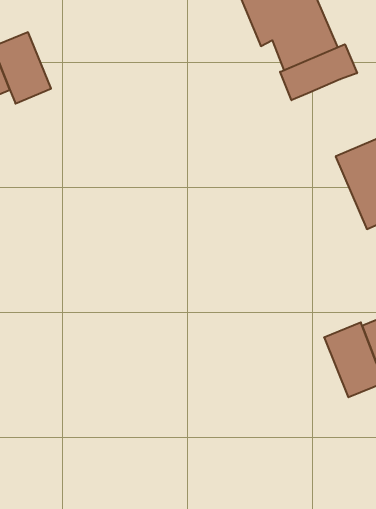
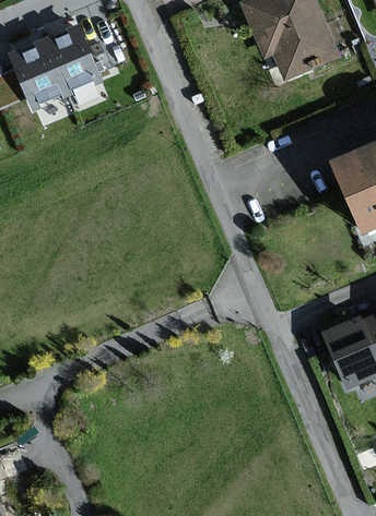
building: none -> [44,27,101,95]
building: [280,44,357,100] -> none

